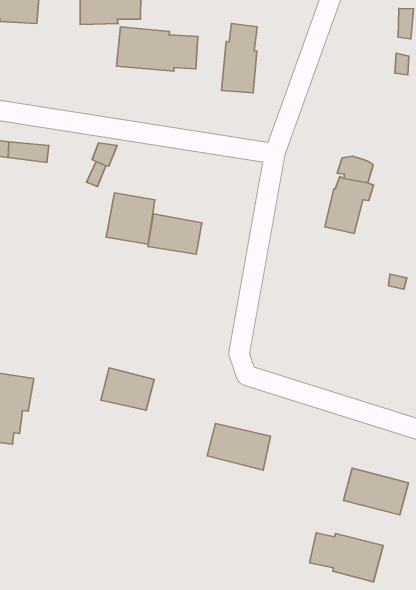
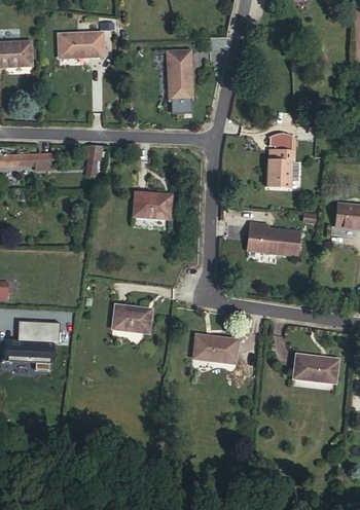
building: [117,27,198,71] -> none
building: [106,193,155,244] -> none
building: none -> [248,218,301,250]
building: [309,533,383,582] -> none

